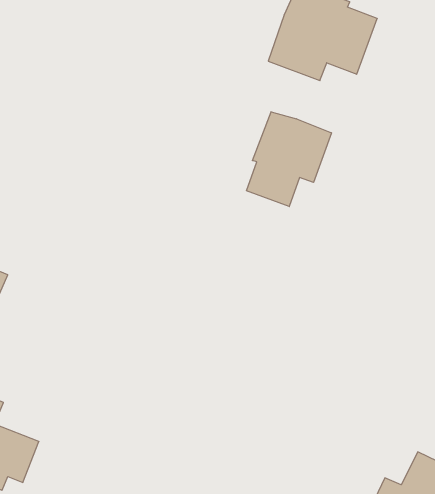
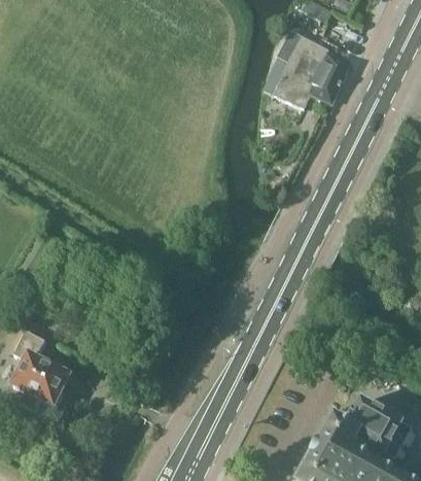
building: [246,112,331,207] -> none

